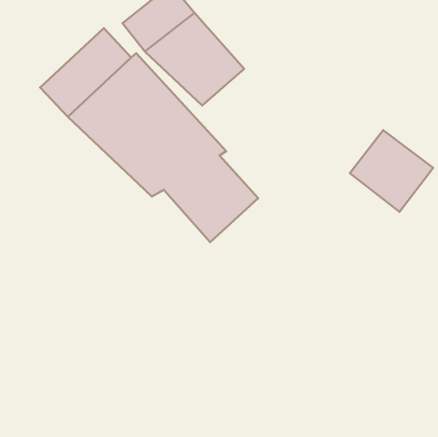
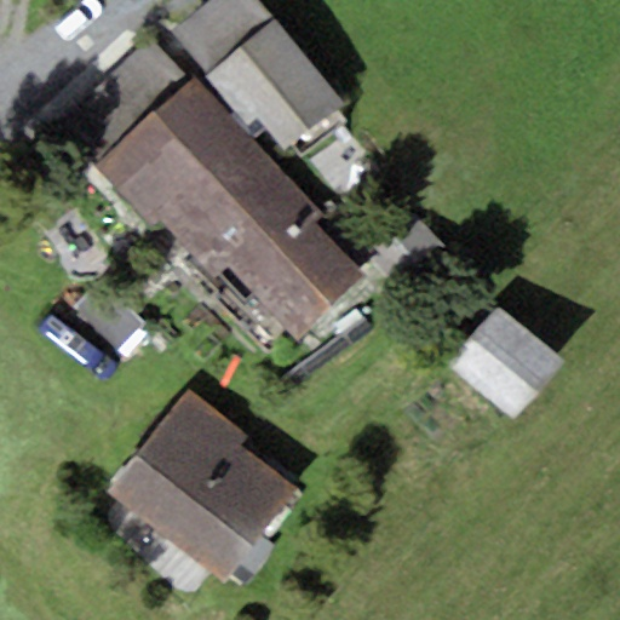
building: [350,130,433,212] -> [450,306,568,421]
building: none -> [107,386,293,580]

